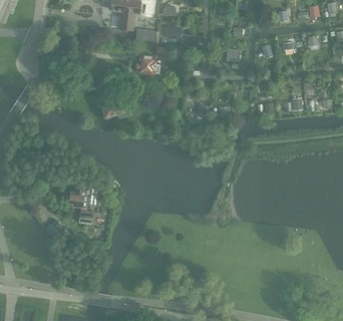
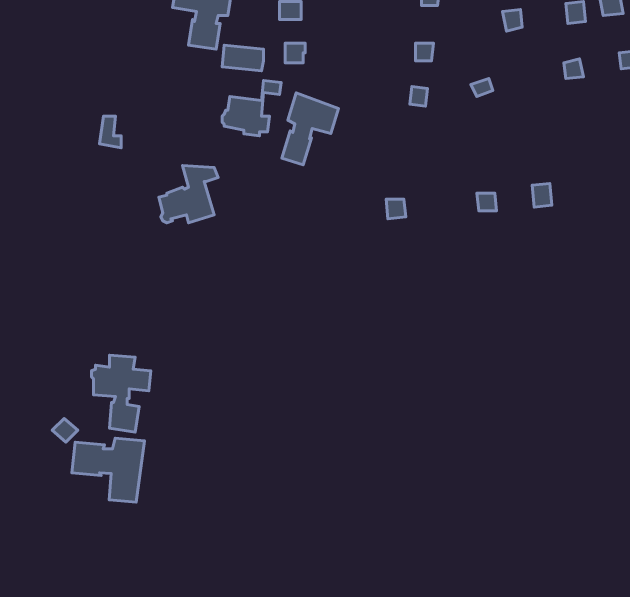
building: none -> [282,93,338,165]
building: none -> [72,438,145,502]

